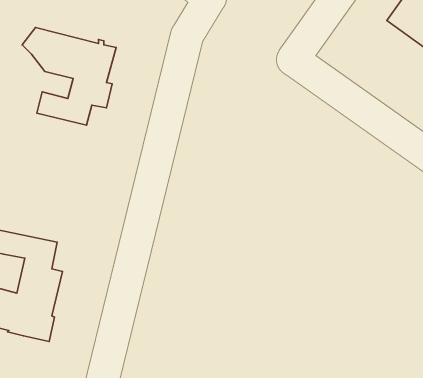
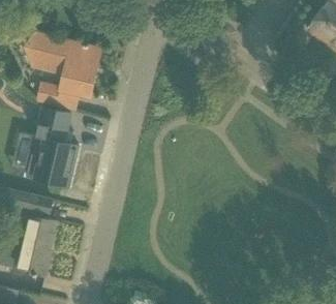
building: none -> [32,108,78,186]

